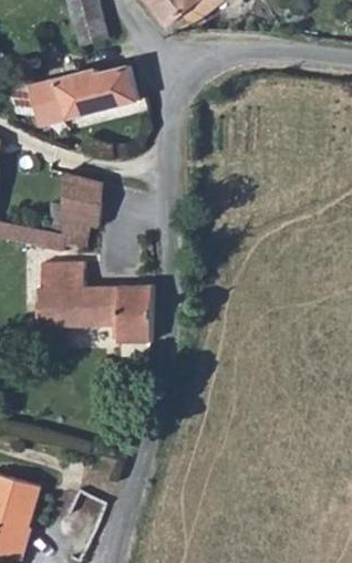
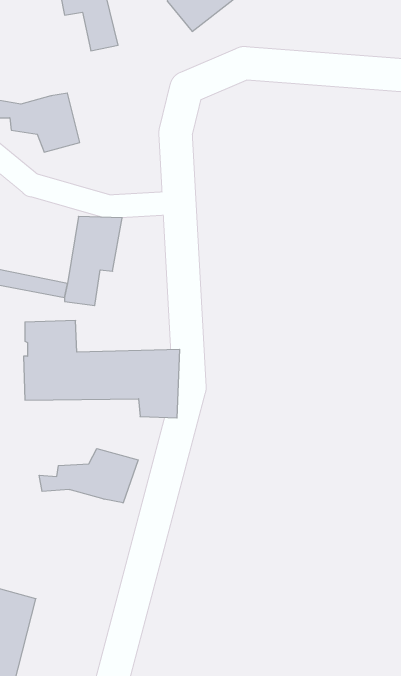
building: [65,66,138,116] -> none
building: none -> [39,449,138,503]

